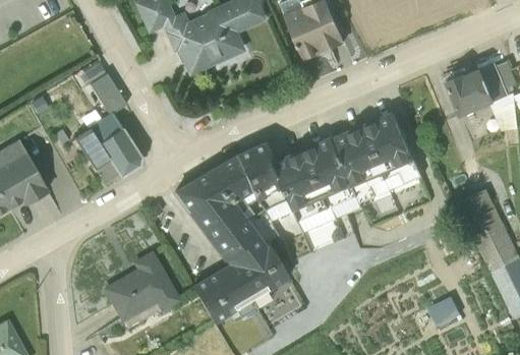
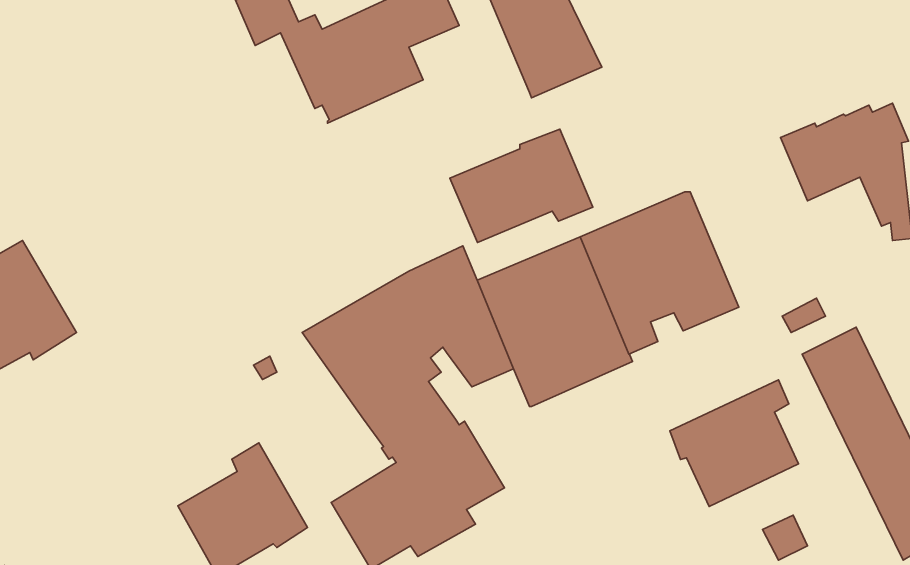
building: [73,74,141,183] -> none
building: none -> [450,129,593,242]
building: none -> [670,380,799,506]

